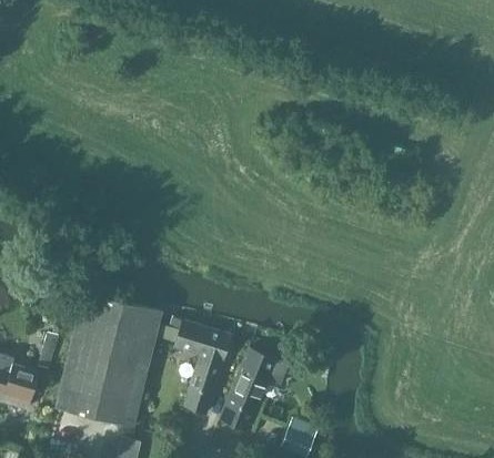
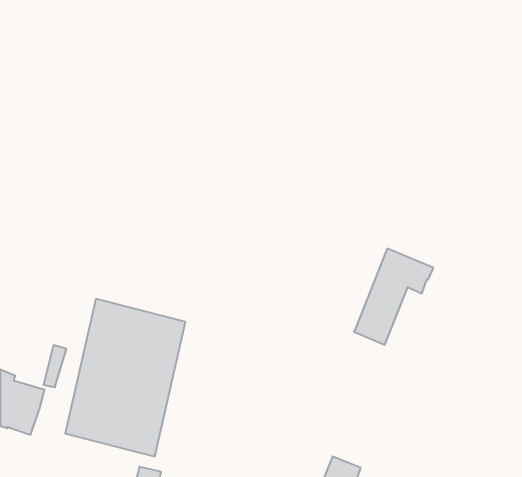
building: [168,317,231,414] -> none
building: [220,347,289,430] -> [354,249,433,345]

